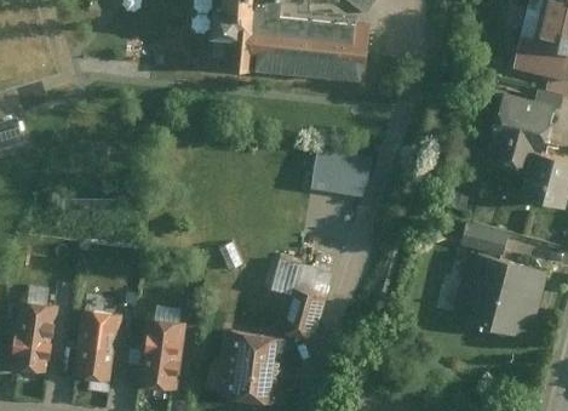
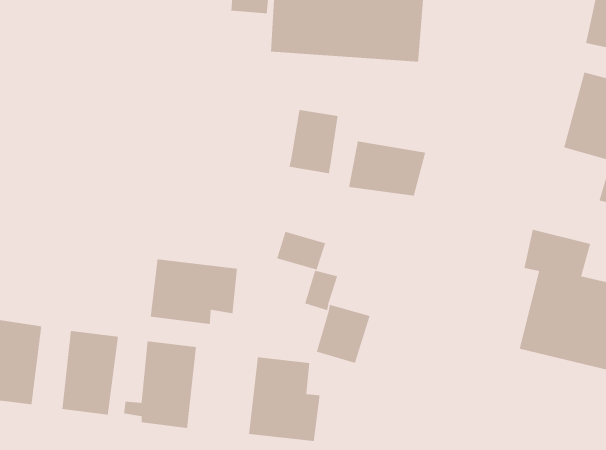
building: none -> [288,109,339,174]
building: none -> [150,259,238,325]
building: [293,262,334,295] -> [276,231,326,271]

